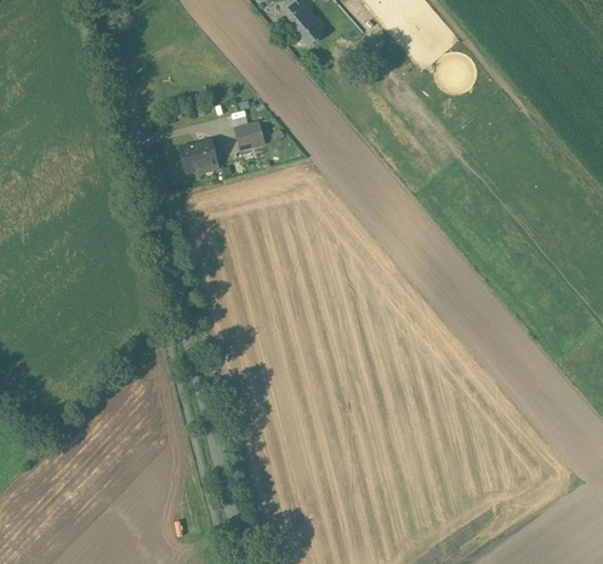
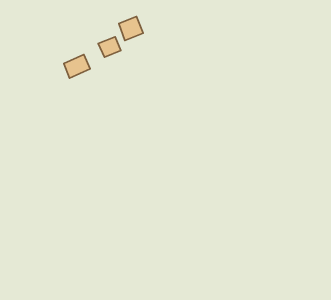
building: none -> [119,17,143,41]

